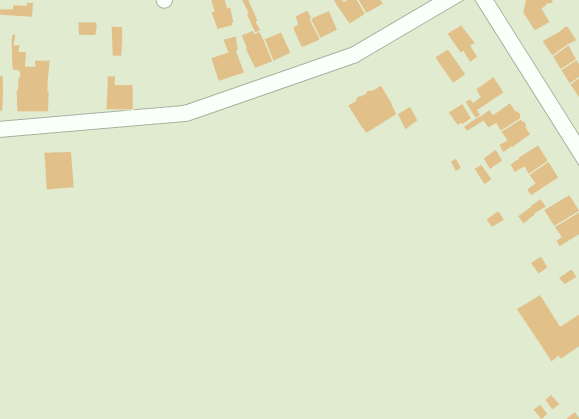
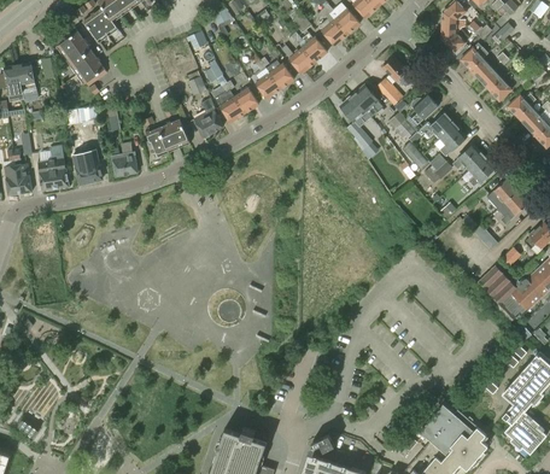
building: none -> [145,119,191,158]
building: [347,85,397,134] -> [340,84,382,127]
building: [43,151,74,190] -> [72,150,103,185]

